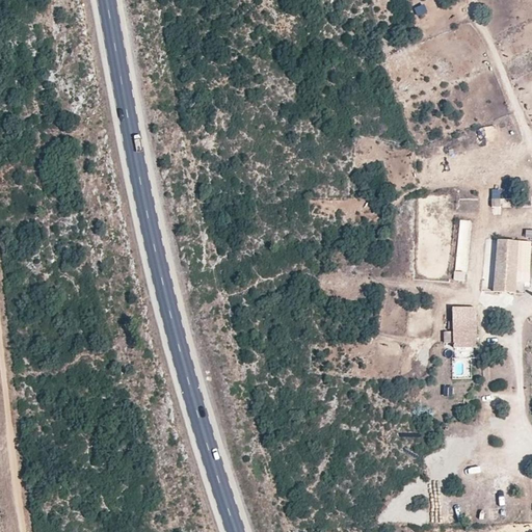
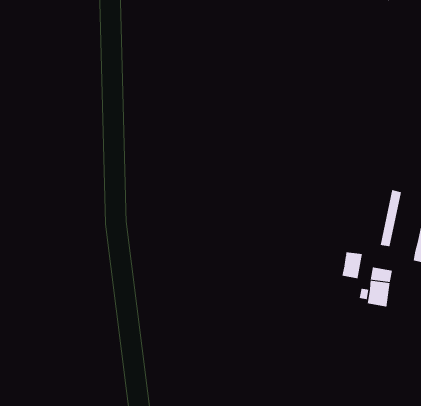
building: none -> [342,252,362,279]

